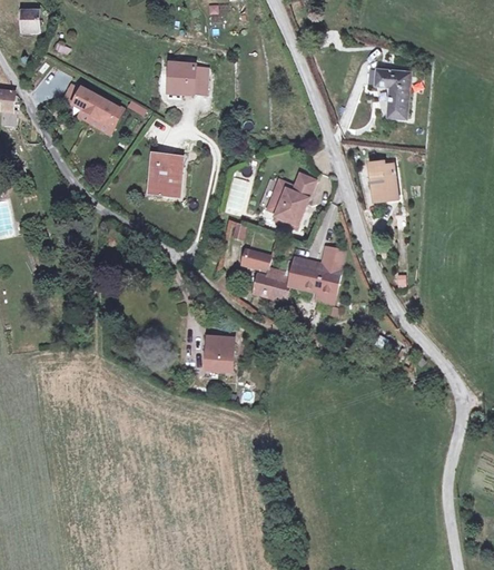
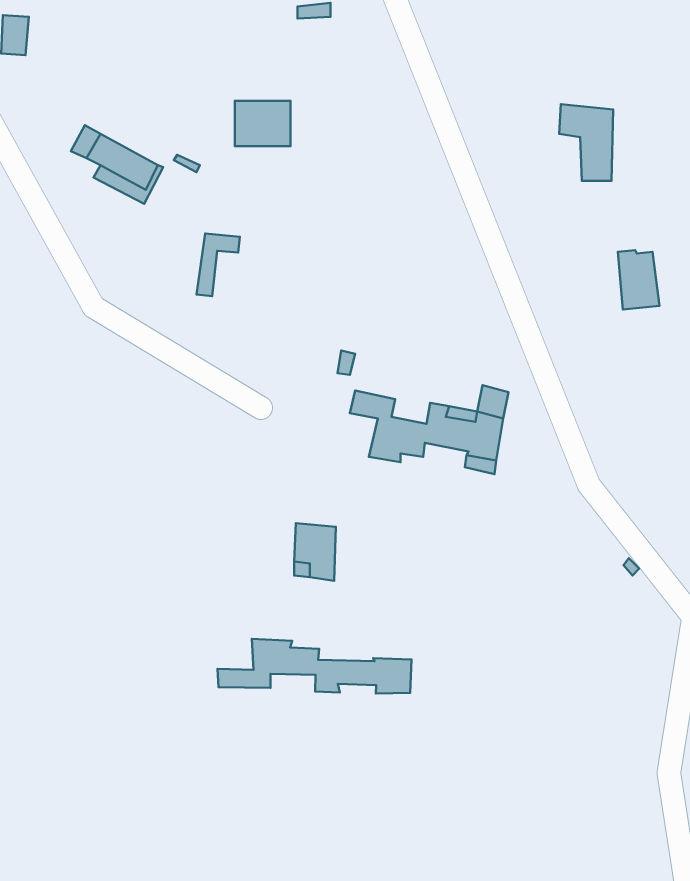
building: [154,153,182,194] -> none
building: [370,160,397,198] -> [618,250,660,309]
building: [264,174,313,229] -> none
building: none -> [217,639,411,693]

